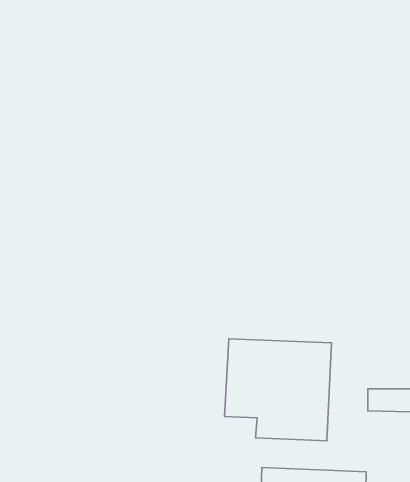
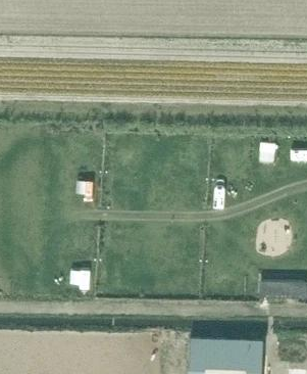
building: [224,339,332,441] -> none

